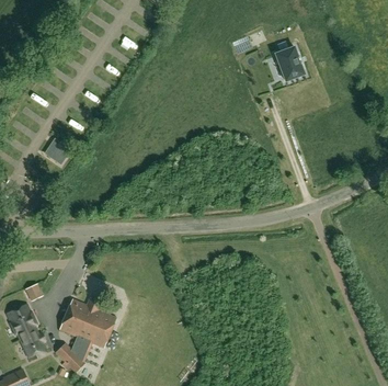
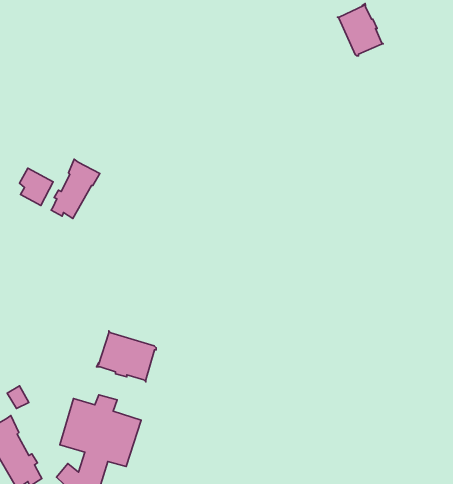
building: none -> [51,159,100,219]
building: none -> [97,331,156,382]

